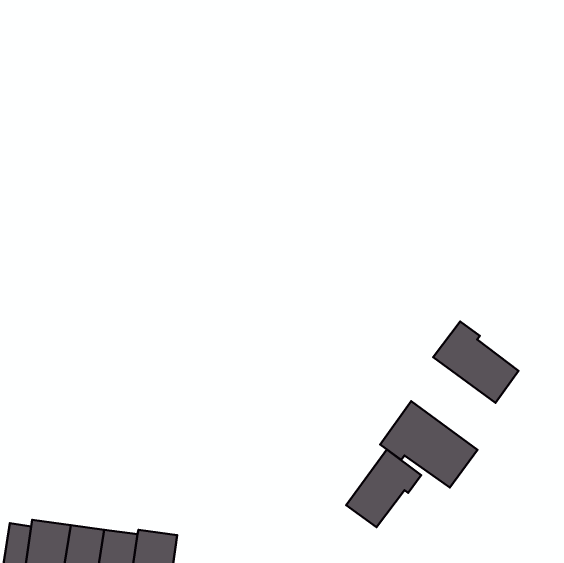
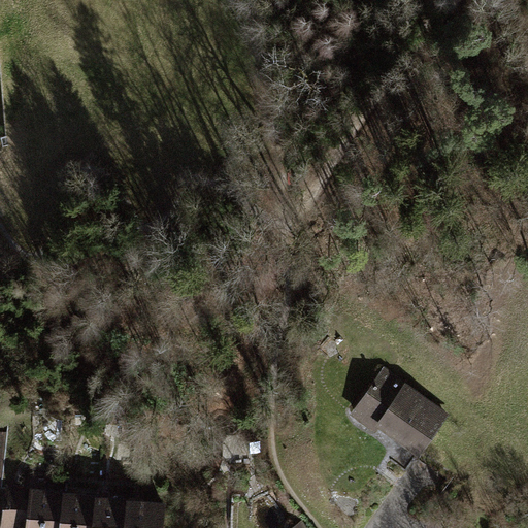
building: [433,321,519,403] -> none
building: [346,450,421,527] -> none

